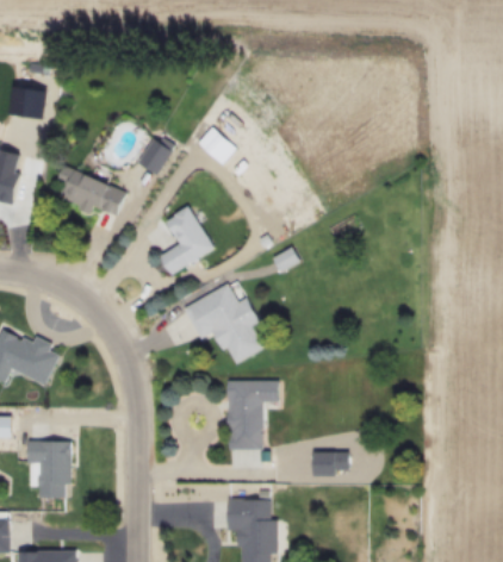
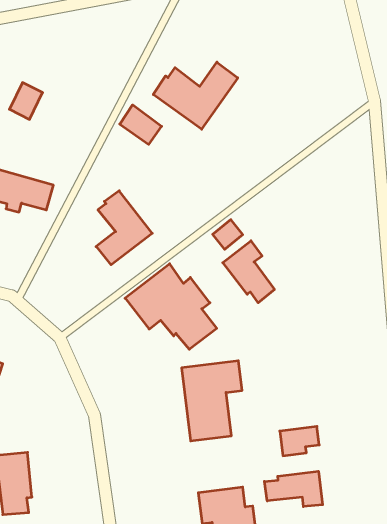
building: none -> [153,62,238,129]
building: [138,140,172,176] -> [9,83,43,119]
building: none -> [223,241,274,303]
building: none -> [264,471,323,507]

